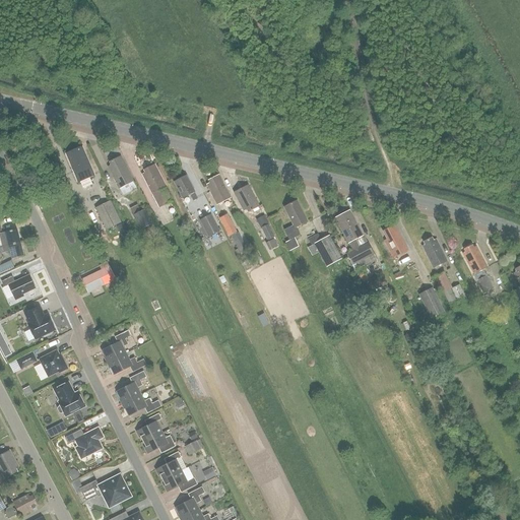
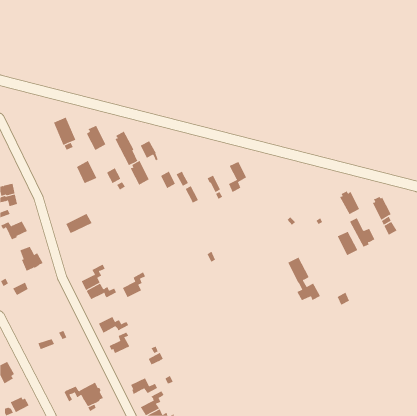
building: [206,173,231,204] -> [130,160,150,185]
building: [234,184,259,210] -> none
building: [335,209,377,264] -> [287,257,321,301]
building: [383,224,408,257] -> none
building: [308,234,341,266] -> none
building: [38,348,67,376] -> none
building: [116,370,145,402] -> [122,272,146,298]
building: [54,381,84,414] -> none
building: [64,428,102,456] -> none
building: [142,431,175,452] -> none
building: [155,450,185,478] -> none

